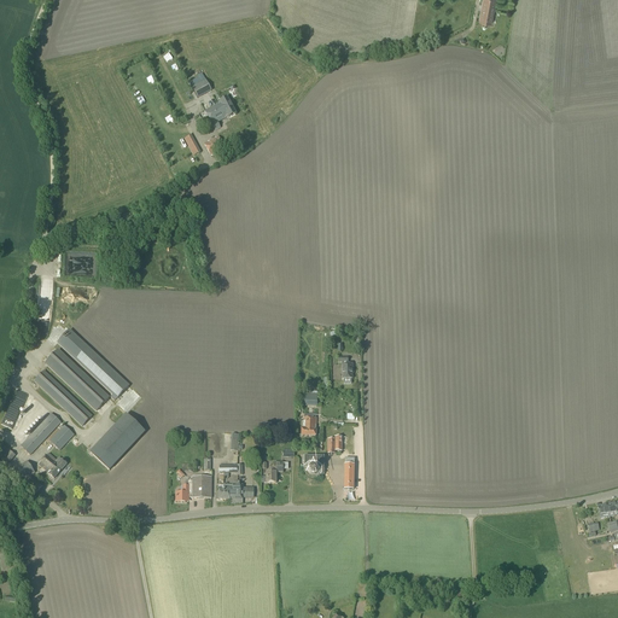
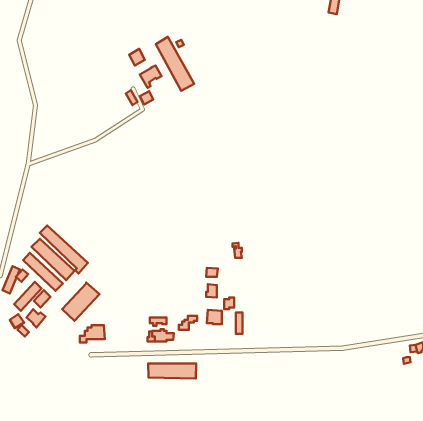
building: none -> [156,37,194,91]
building: [175,474,211,500] -> [80,325,105,343]
building: none -> [148,363,196,378]

